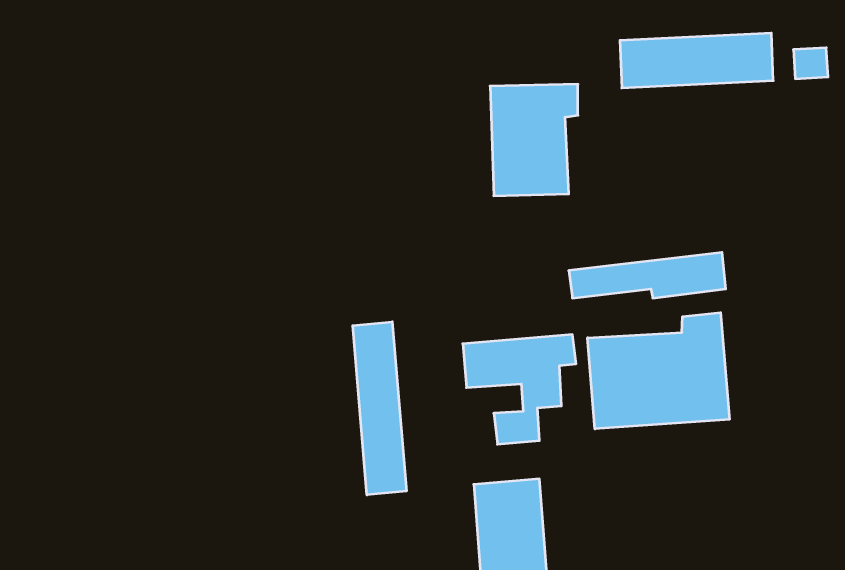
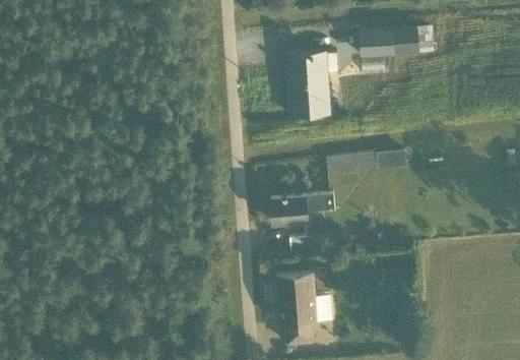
building: [588,313,729,429] -> none
building: [353,322,406,495] -> none

